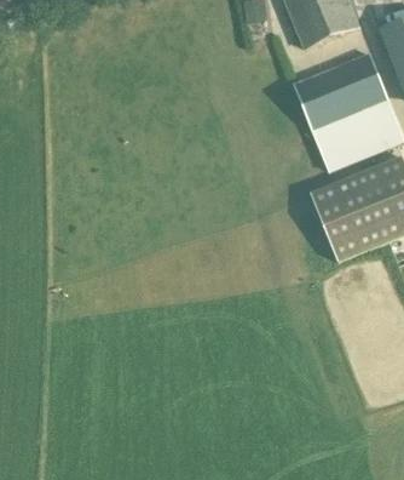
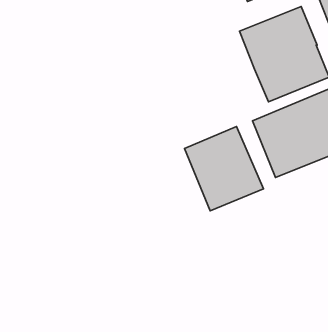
building: none -> [184,126,263,211]

